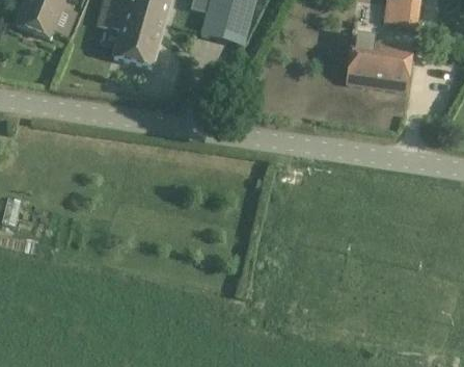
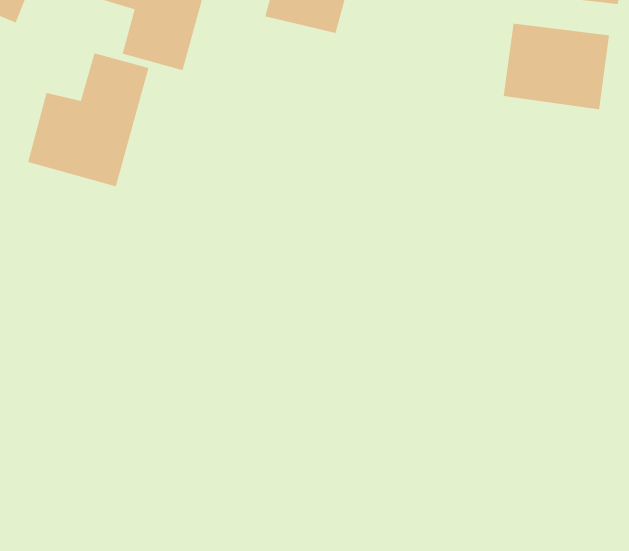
building: none -> [27,52,149,187]

